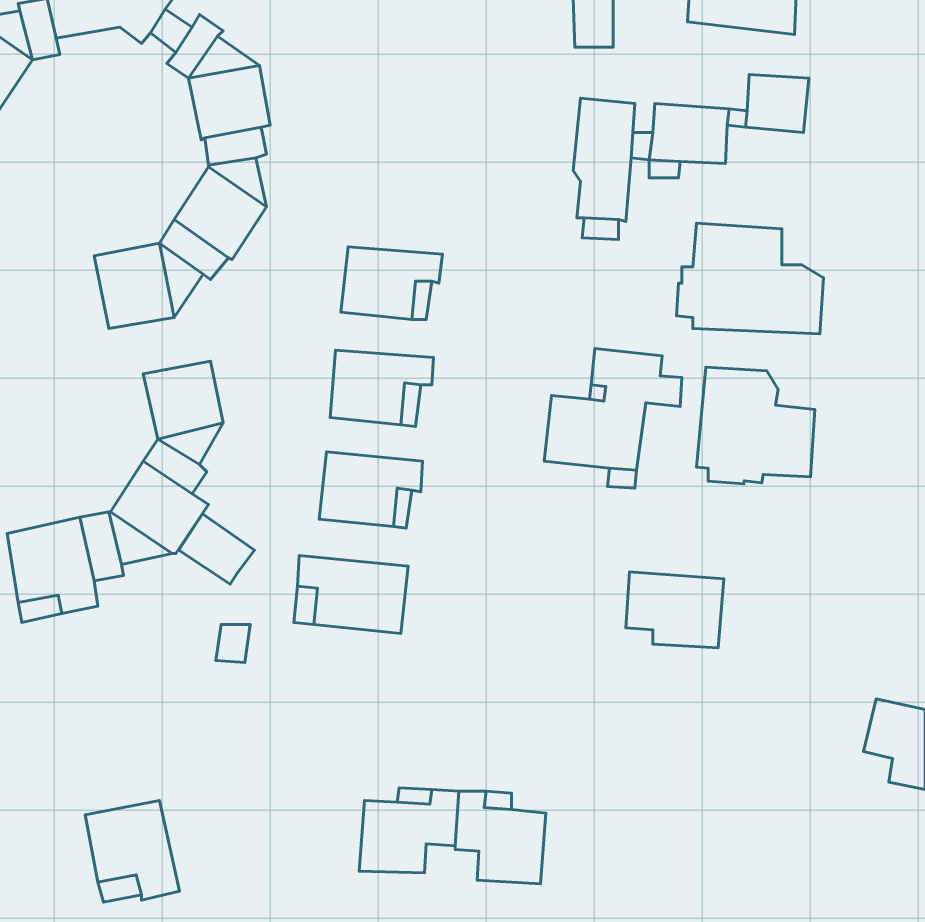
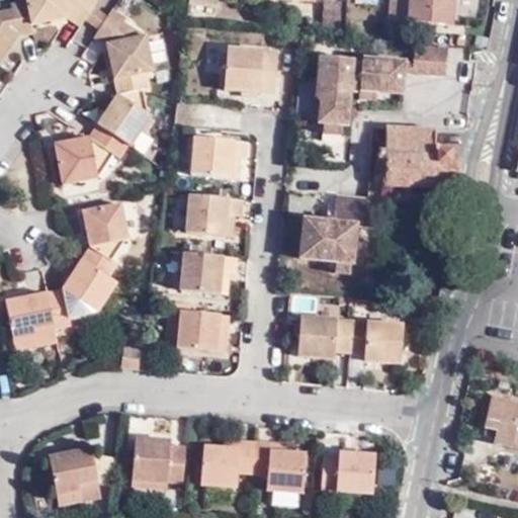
building: none -> [223,47,276,92]
building: [696,367,815,484] -> none
building: [179,514,254,584] -> none
building: none -> [297,314,351,356]
building: none -> [133,441,186,485]
building: none -> [320,451,373,493]

